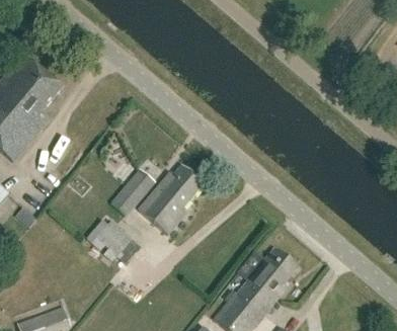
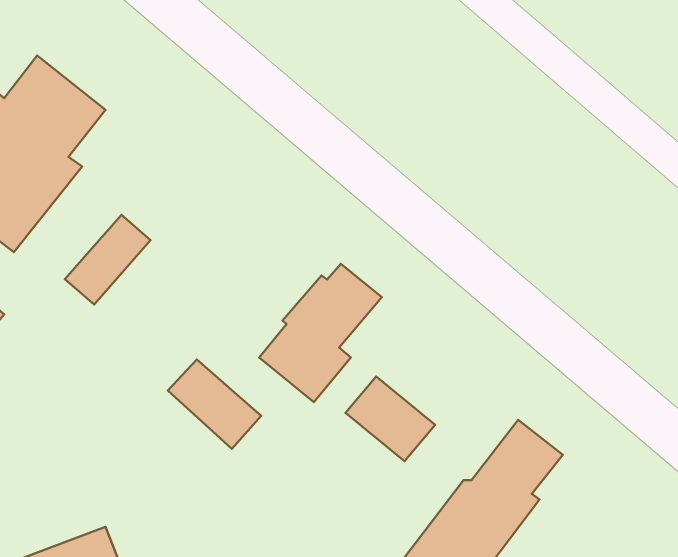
building: [108,168,153,215] -> [65,215,151,305]
building: none -> [345,376,435,461]

